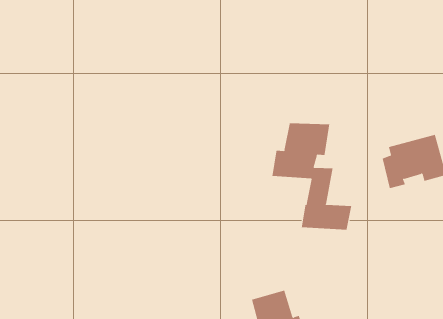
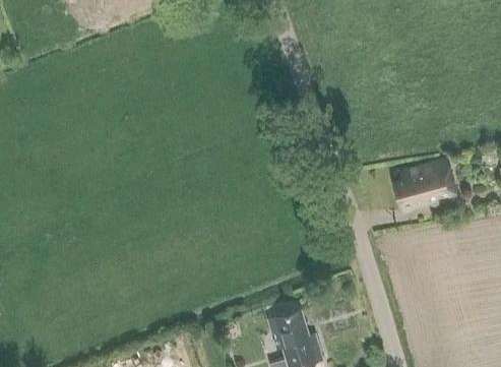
building: [272,122,352,230] -> none

